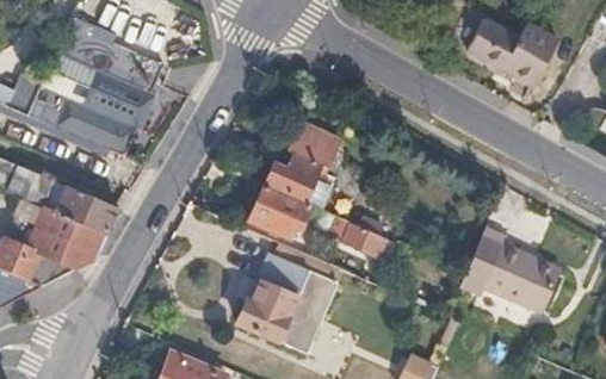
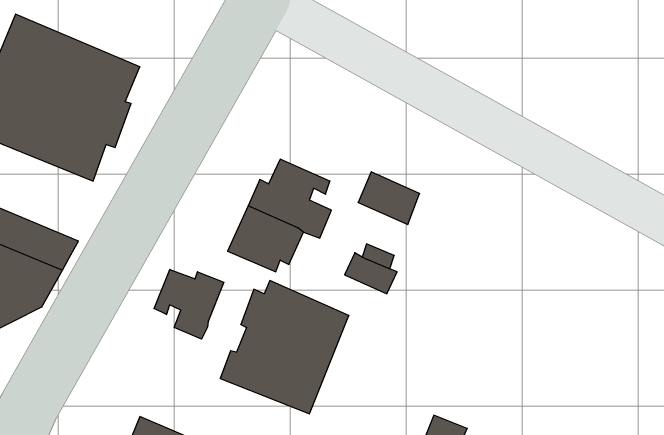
building: [466,21,554,87] -> none
building: [284,118,334,161] -> [358,172,420,224]
building: [453,225,556,312] -> none
building: none -> [154,269,224,339]

